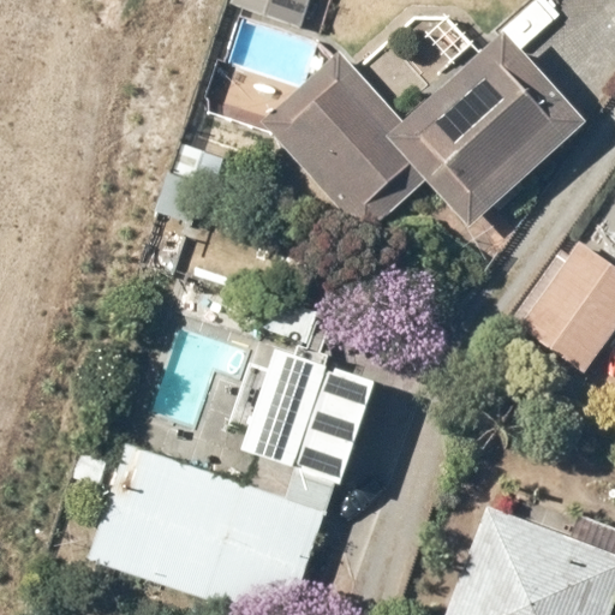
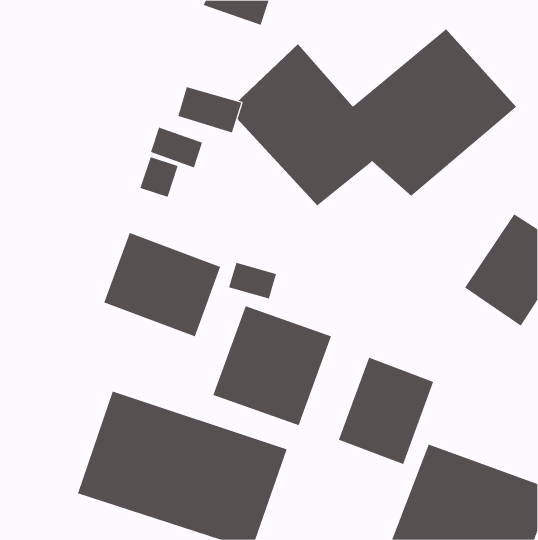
building: none -> [104,232,221,337]
building: none -> [338,357,434,465]

